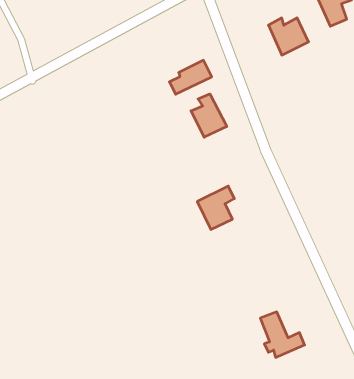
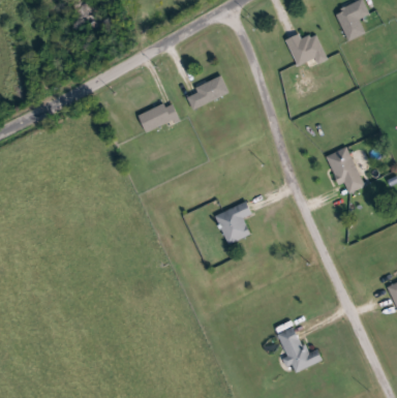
building: none -> [139,102,173,131]
building: [191,94,227,137] -> none
building: none -> [326,146,365,193]

